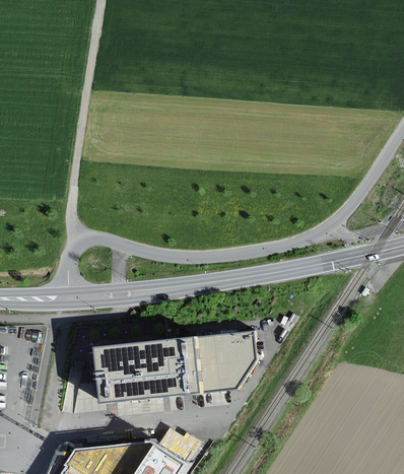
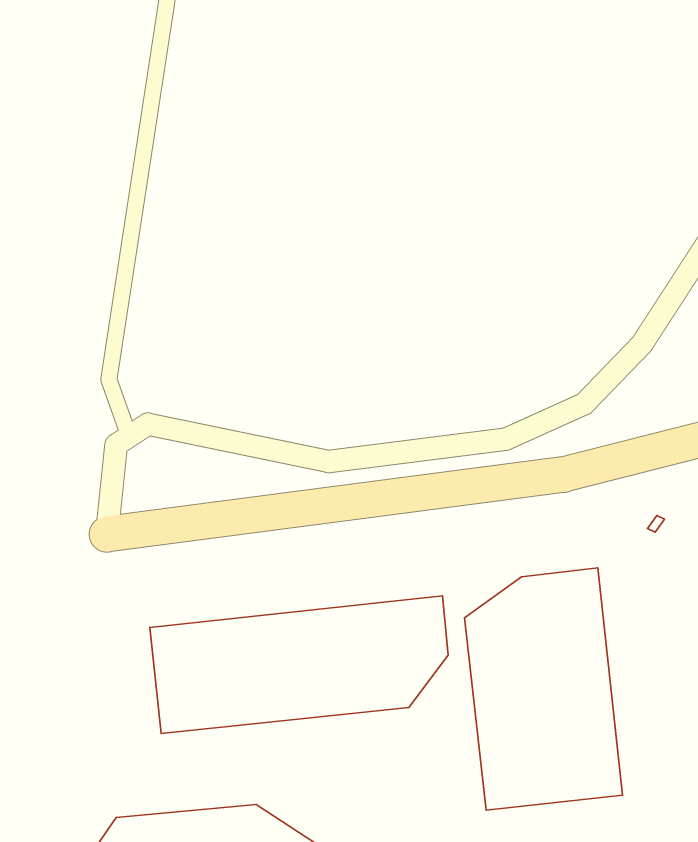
building: none -> [464,568,622,810]

